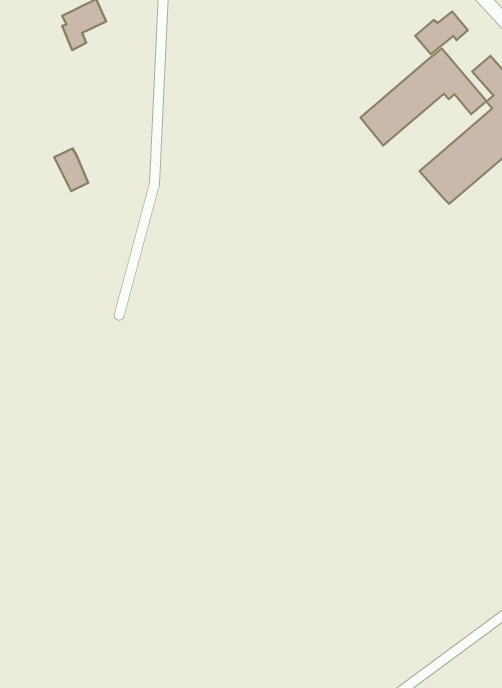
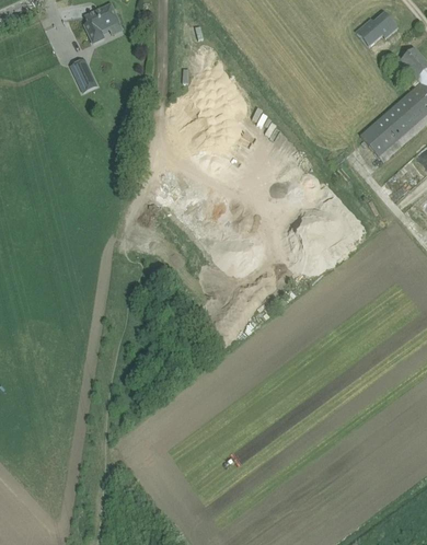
building: [361,49,486,145] -> none
building: [54,149,88,191] -> [70,59,96,92]

